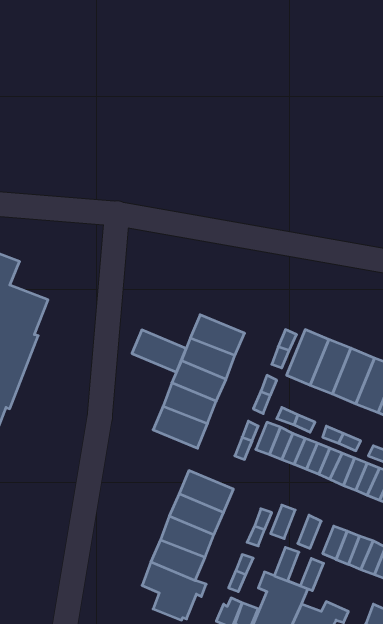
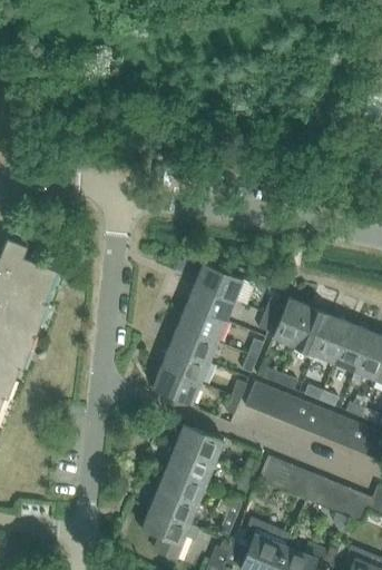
building: [132,330,186,372] -> [195,263,244,301]
building: [274,547,324,591] -> [271,460,315,499]

